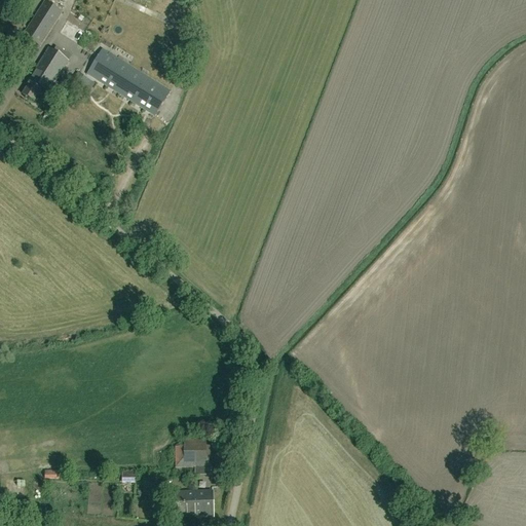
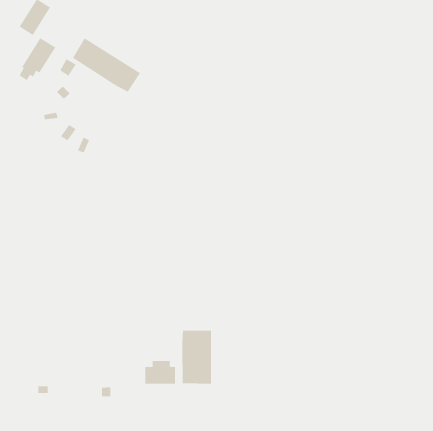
building: none -> [182,330,212,384]
building: [175,488,214,514] -> none

